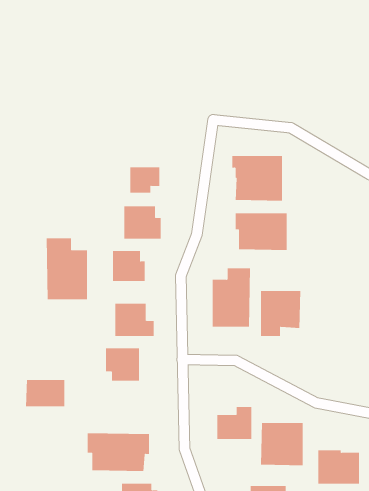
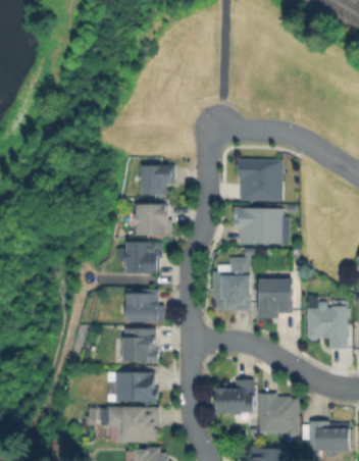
building: [46,238,87,300] -> none
building: none -> [308,306,348,348]
building: [25,379,65,407] -> [116,376,152,401]

